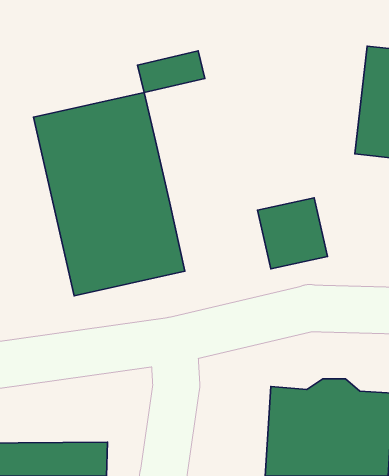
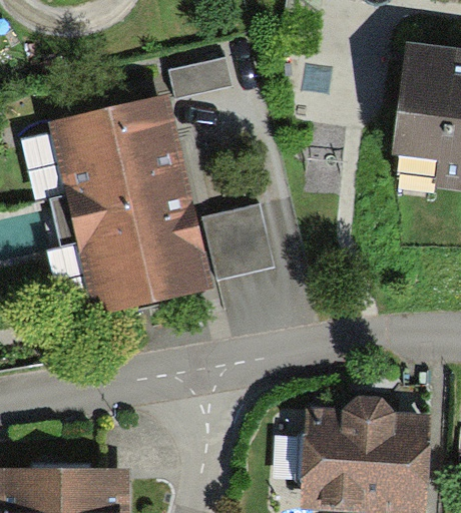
building: [258,198,327,269] -> [202,201,277,277]

